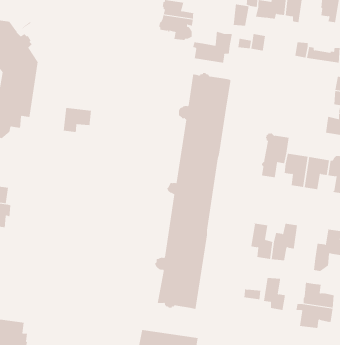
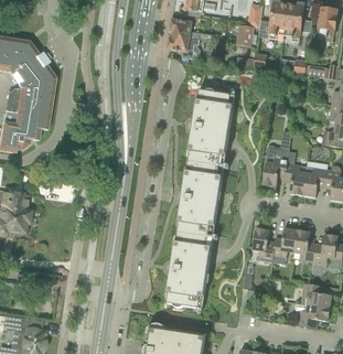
building: [193,31,232,64] -> none
building: [63,107,92,133] -> none
building: [263,277,286,311] -> [293,230,314,261]

